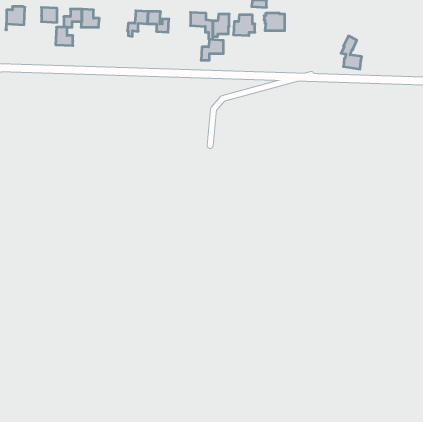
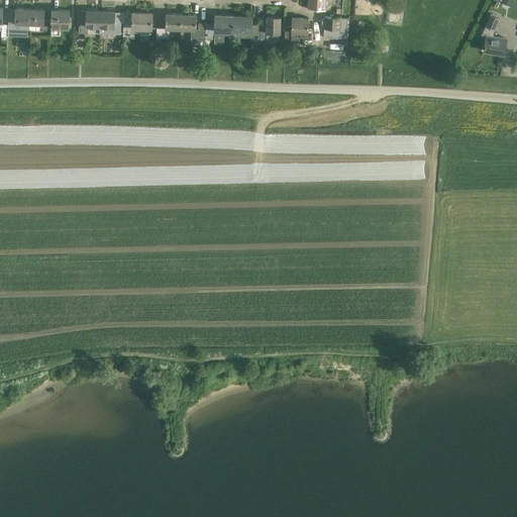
building: none -> [123,13,151,37]
building: [56,27,73,46] -> [29,10,50,32]
building: [341,36,362,69] -> [481,14,506,55]
building: [201,40,223,60] -> [205,15,232,40]

